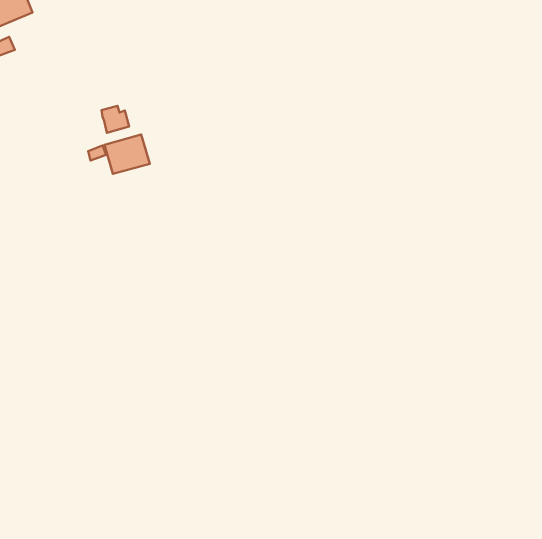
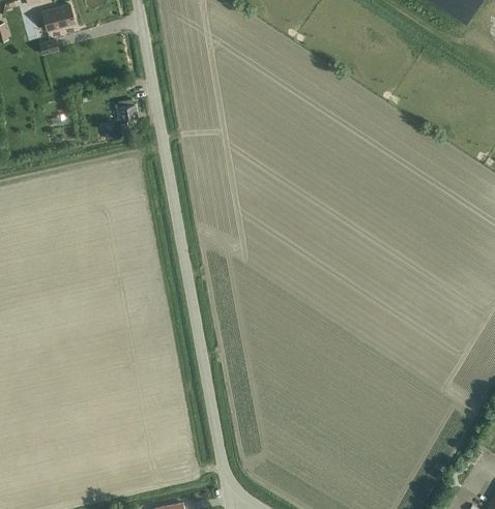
building: [104,135,150,174] -> none

